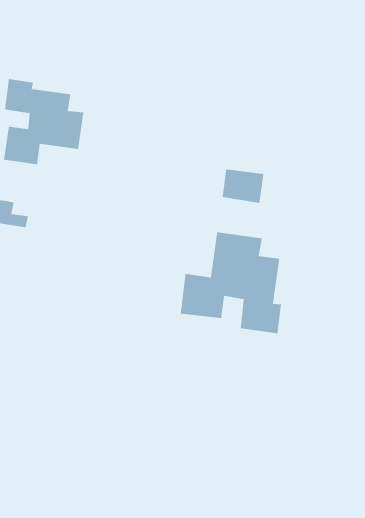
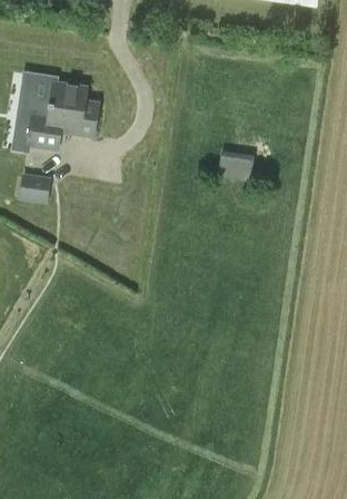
building: [180,232,282,334] -> none

